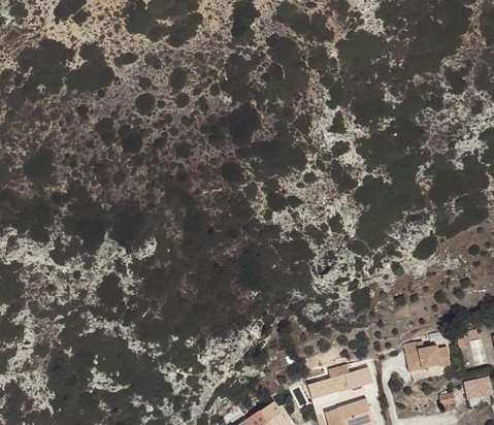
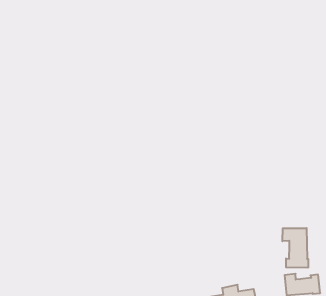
building: none -> [282,228,308,268]

